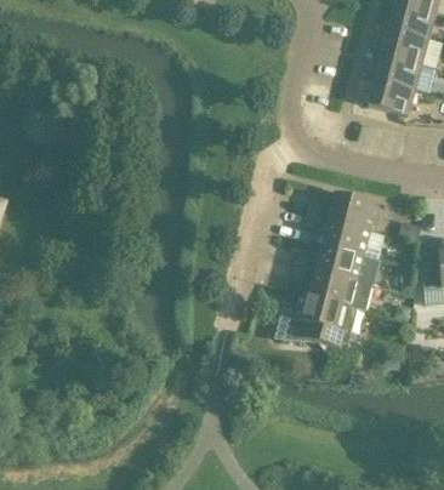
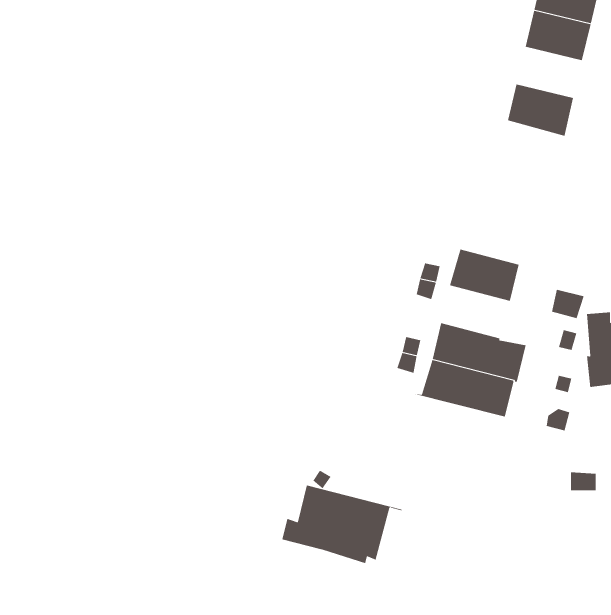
building: [374,53,420,89] -> none
building: [321,218,370,255] -> none
building: [283,292,366,347] -> [281,485,403,564]

